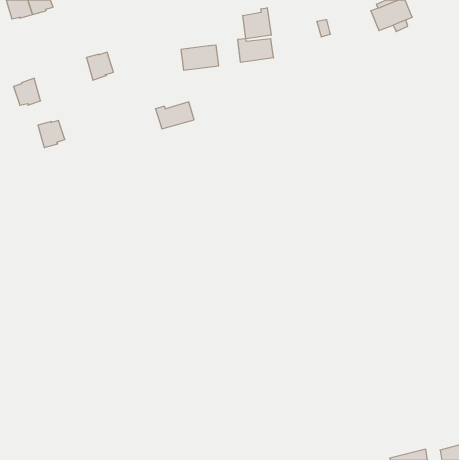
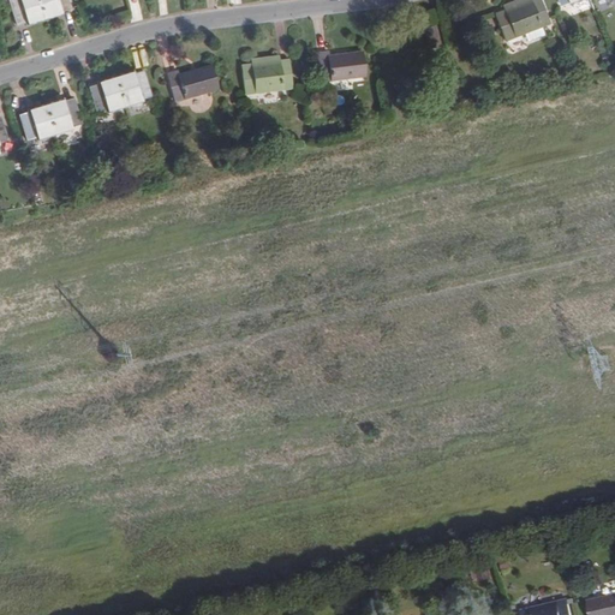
building: [243,8,271,39] -> none
building: none -> [90,77,125,113]
building: [155,102,194,129] -> [167,65,219,101]
building: [38,121,65,148] -> [47,98,83,135]

